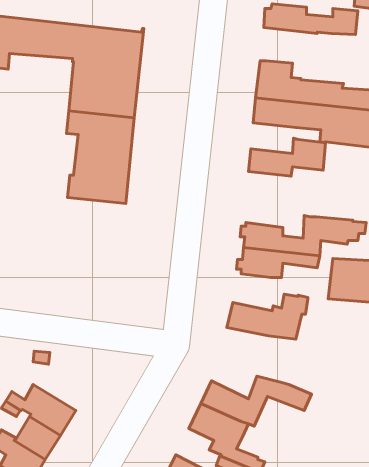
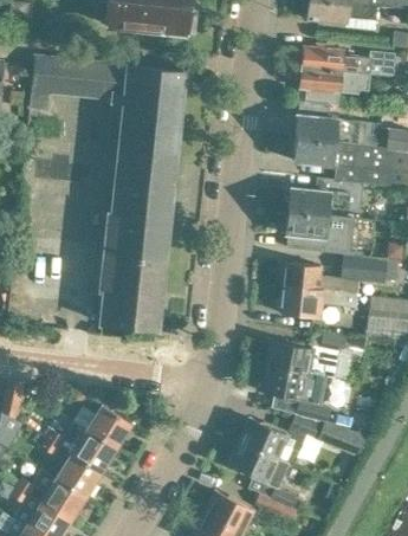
building: none -> [300,67,370,104]
building: none -> [285,211,354,256]
building: none -> [103,237,166,328]
building: none -> [260,366,331,422]
building: none -> [73,405,131,448]

